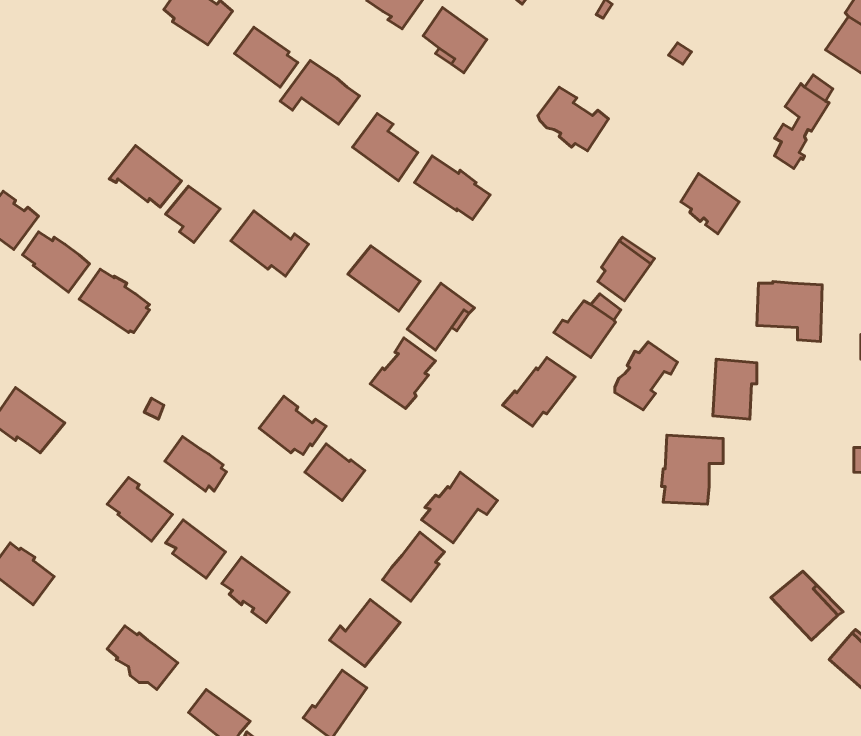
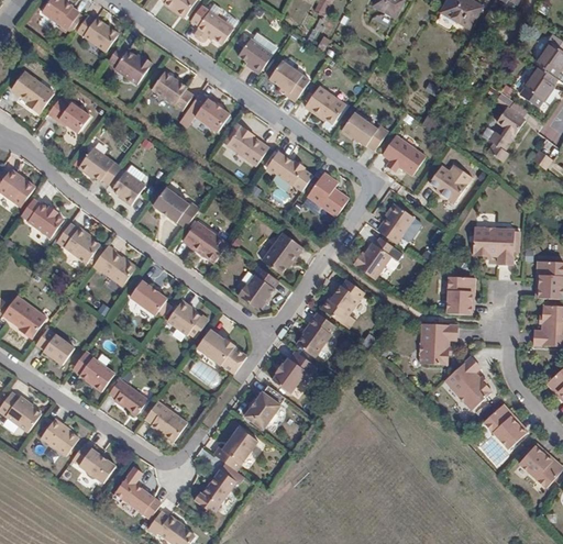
building: none -> [11,70,53,113]
building: none -> [302,85,344,121]
building: none -> [46,97,89,131]
building: none -> [379,136,423,177]
building: none -> [306,171,347,215]
building: [348,246,420,311] -> [180,222,225,263]
building: none -> [90,245,136,285]
building: [615,342,677,410] -> none
building: none -> [295,311,333,355]
building: [165,436,227,491] -> [130,282,168,317]
building: none -> [35,327,74,364]
building: none -> [446,360,494,413]
building: none -> [41,418,78,454]

